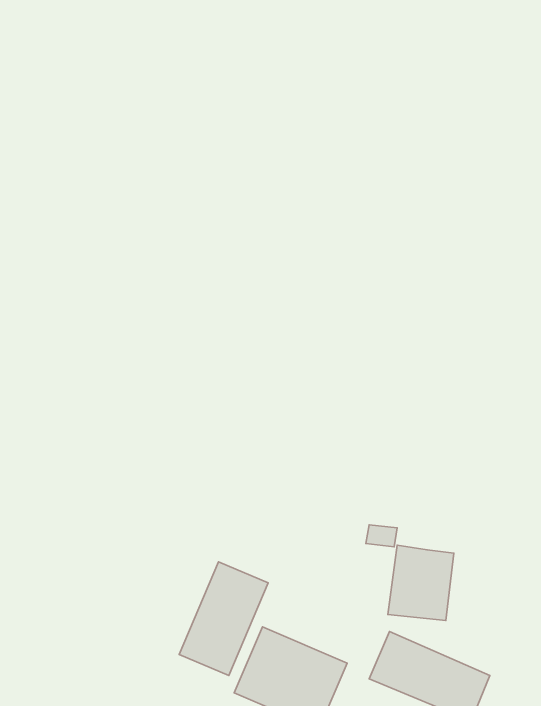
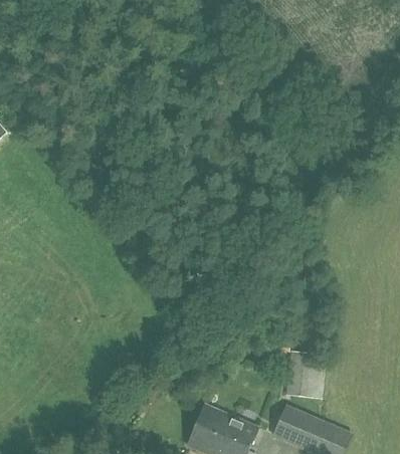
building: [179,562,268,675] -> none

